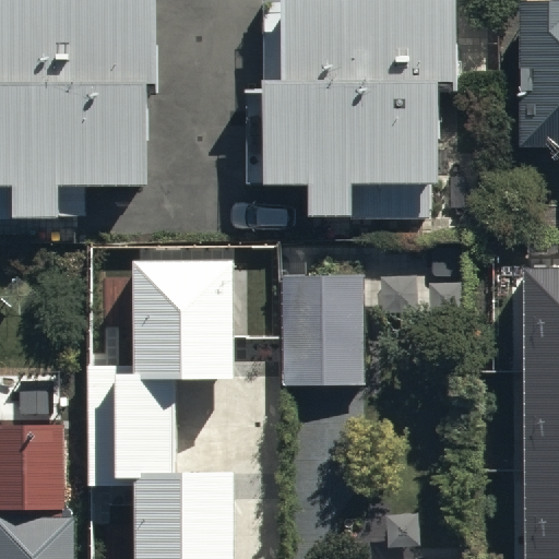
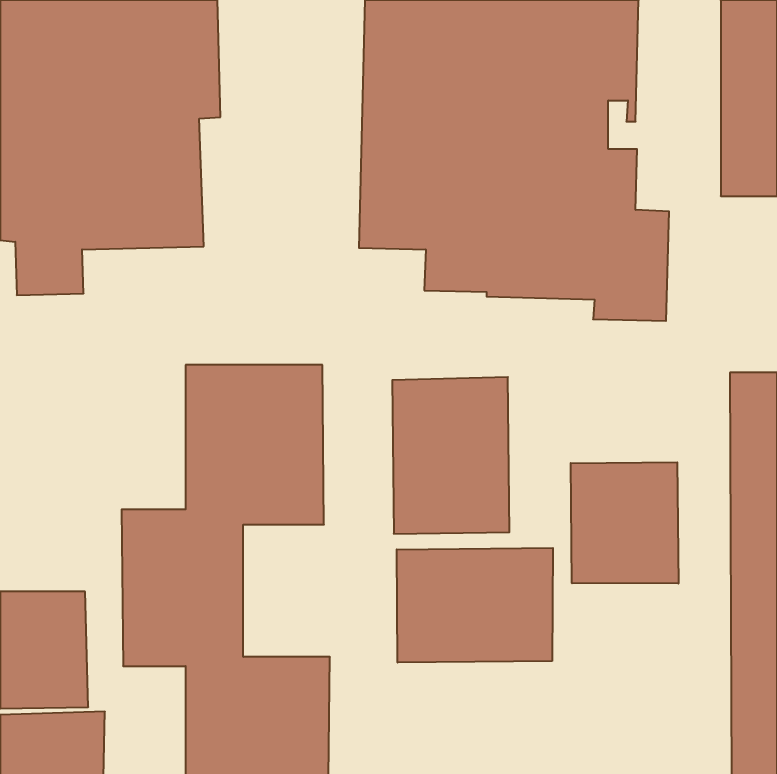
building: none -> [571,462,678,584]
building: none -> [397,548,553,663]

